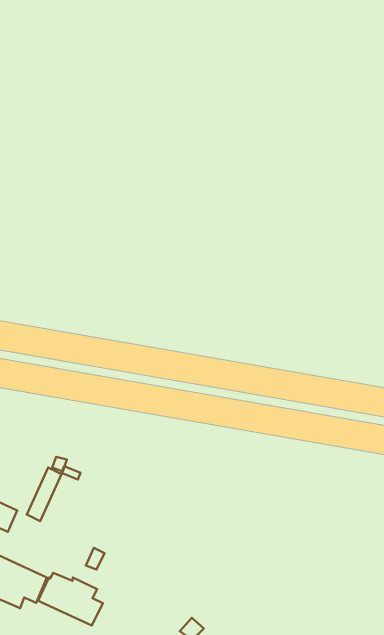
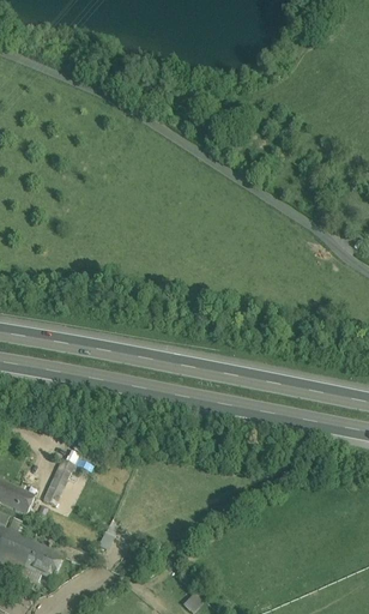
building: [37,573,103,625] -> none

